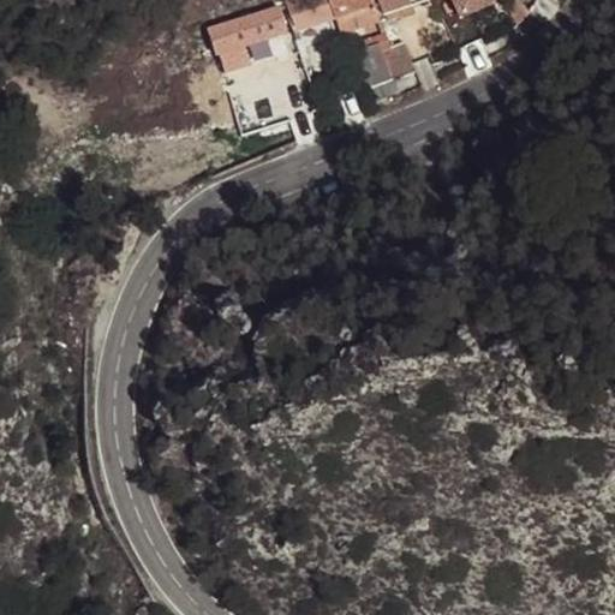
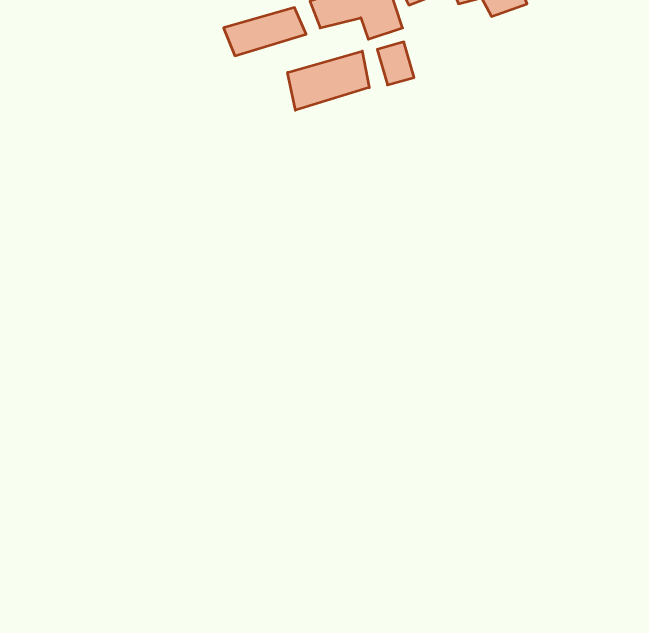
building: none -> [288,51,369,110]

